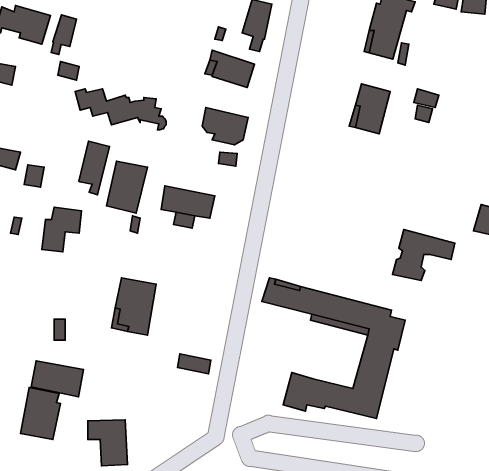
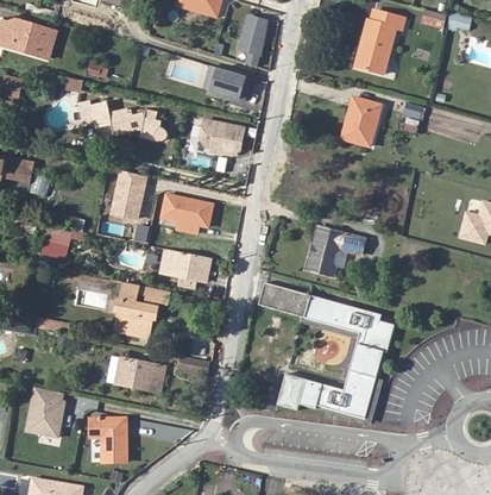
building: [51,15,76,55] -> none
building: [79,141,109,195] -> none
building: [393,230,455,281] -> [304,226,364,275]
building: none -> [168,250,209,282]
building: [31,361,84,397] -> [114,358,164,393]

